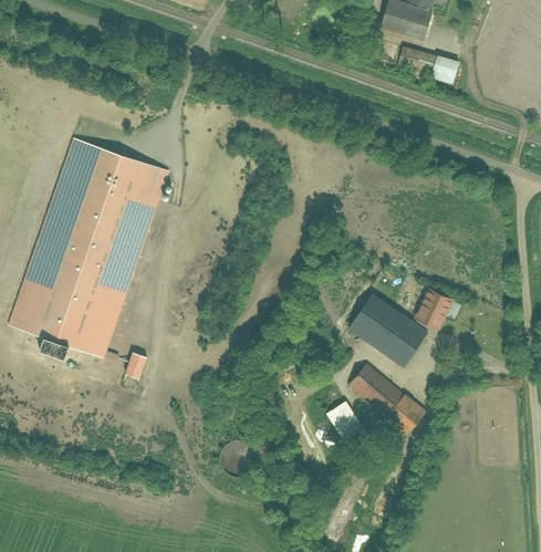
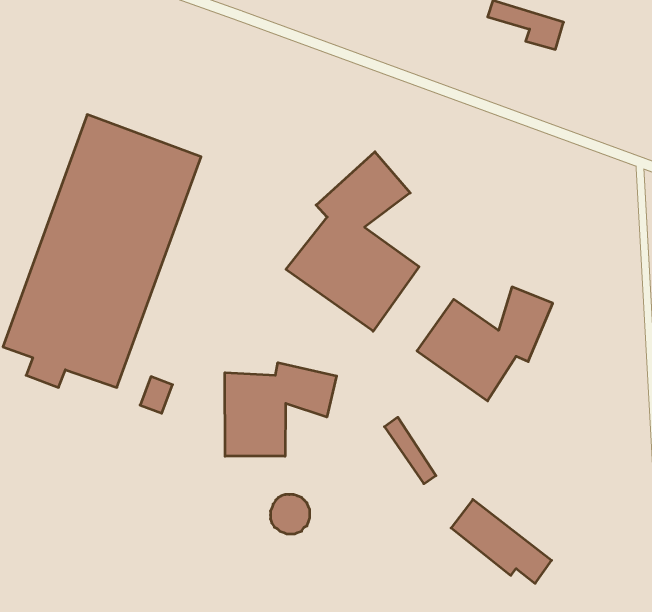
building: none -> [286,152,419,331]
building: none -> [225,363,337,456]
building: [344,362,426,430] -> [451,499,552,583]

